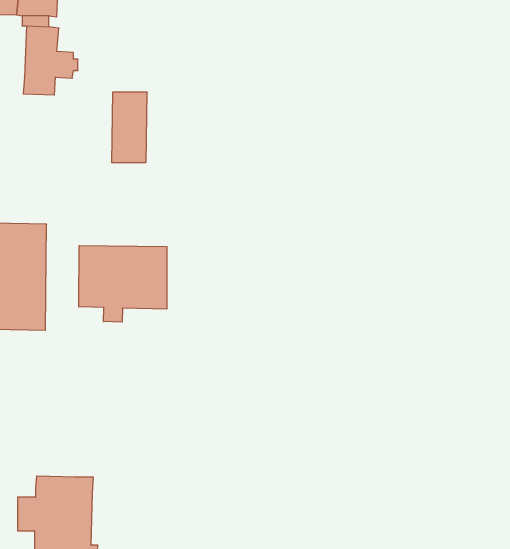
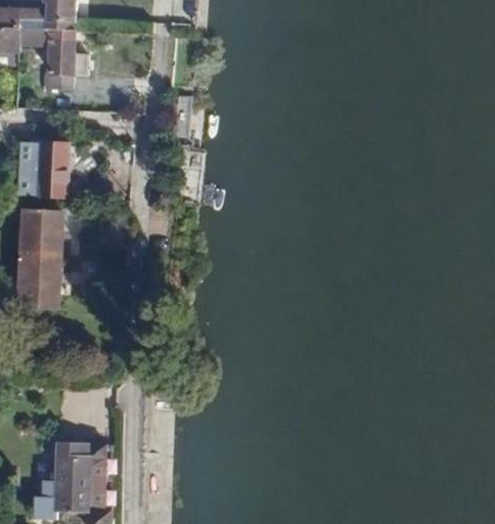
building: [112,92,147,162] -> [34,138,66,203]
building: [79,246,167,322] -> none

